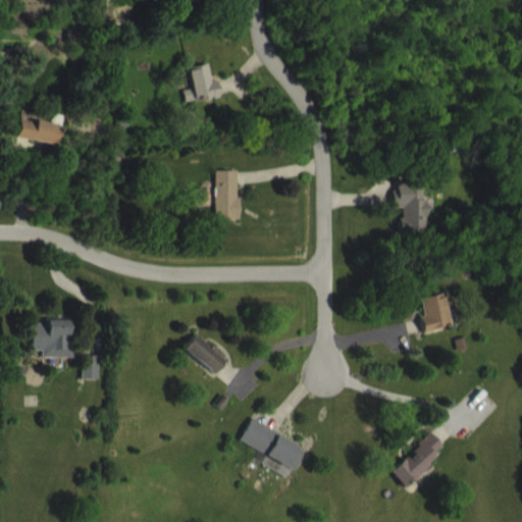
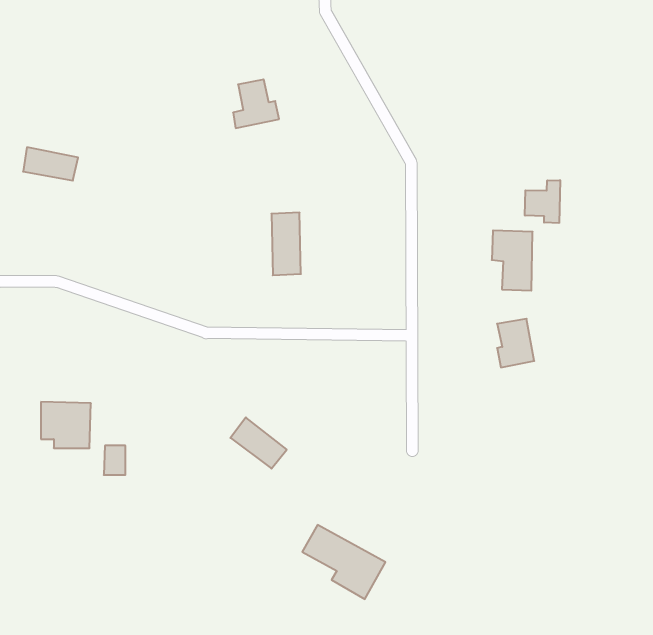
building: none -> [525,180,560,223]
building: [421,293,451,331] -> [497,319,534,367]
building: [392,432,448,486] -> none

